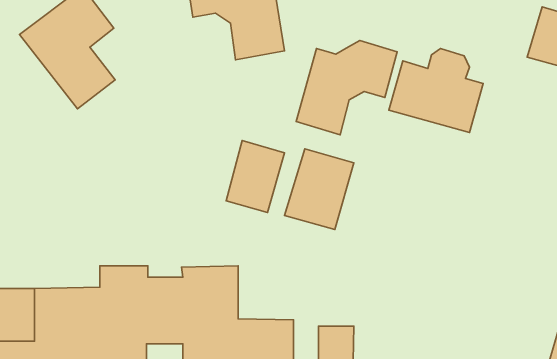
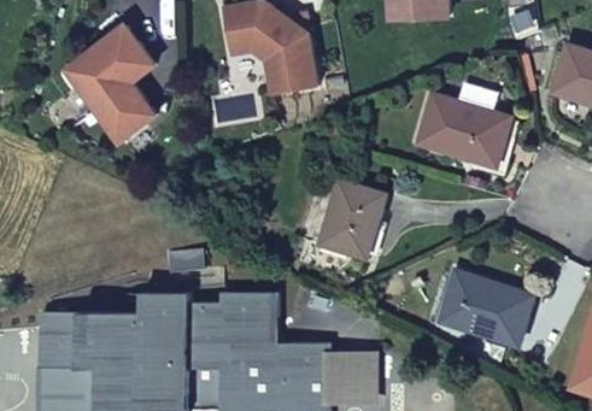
building: [296,41,397,135] -> none
building: [226,140,284,212] -> none
building: none -> [439,272,532,345]

